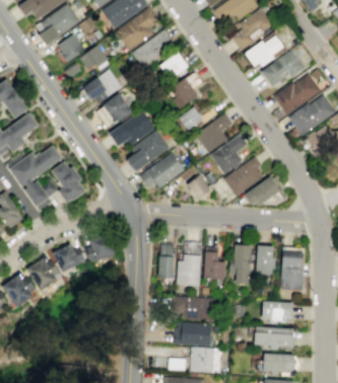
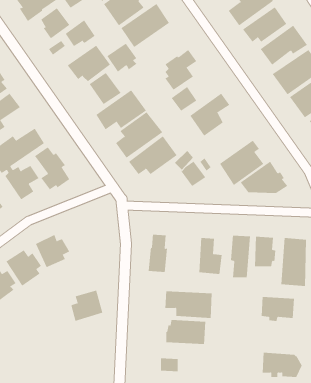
building: [160,53,189,80] -> [107,43,137,72]
building: [210,134,248,174] -> none
building: [85,234,116,263] -> [70,290,103,321]
building: [177,241,202,286] -> none
building: [255,326,294,350] -> none
building: [190,347,214,373] -> none

